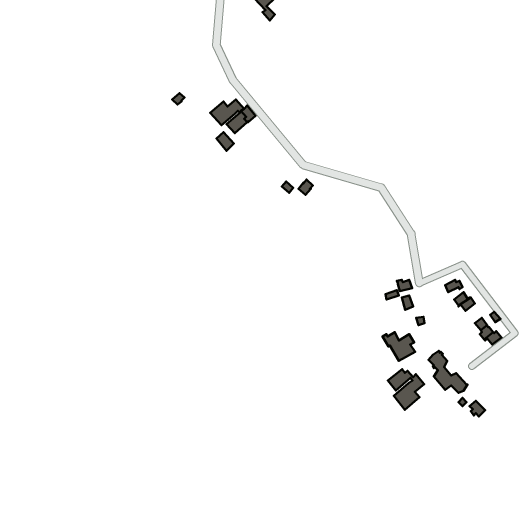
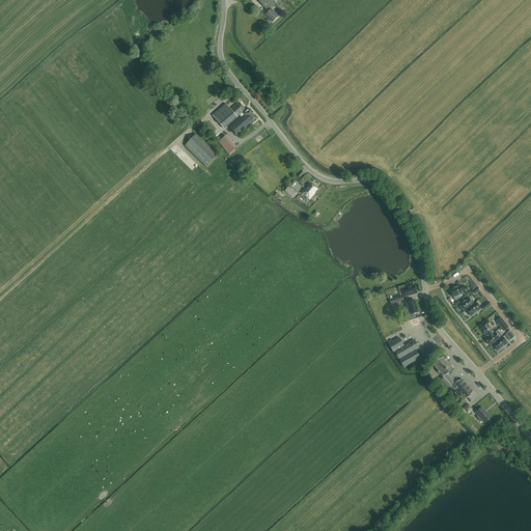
building: none -> [185,132,218,165]
building: [388,369,424,410] -> none

